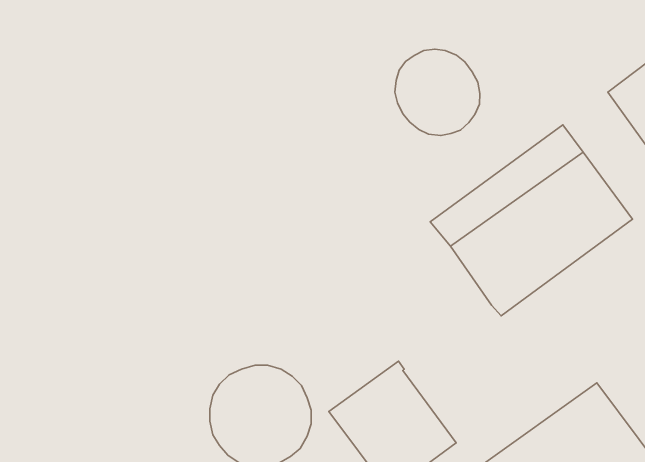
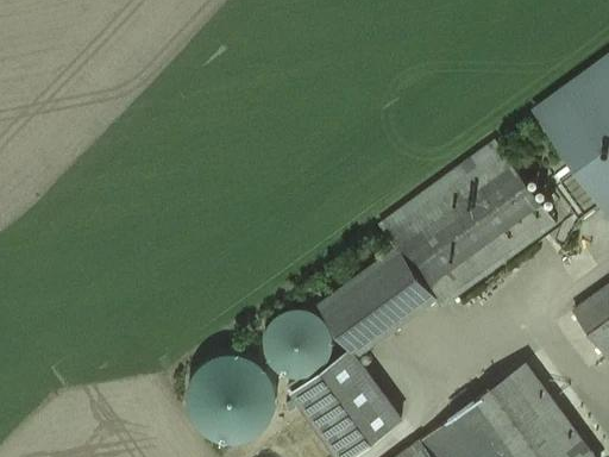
building: [395,49,480,135] -> none
building: none -> [319,249,432,356]
building: none -> [271,309,329,368]

